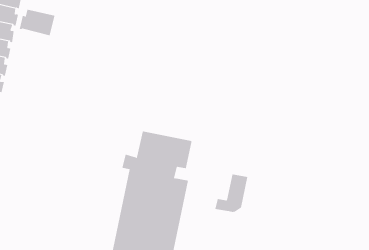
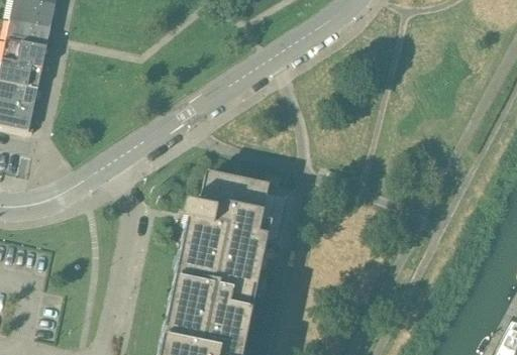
building: [19,9,55,36] -> none
building: [215,174,248,212] -> [245,190,287,237]

